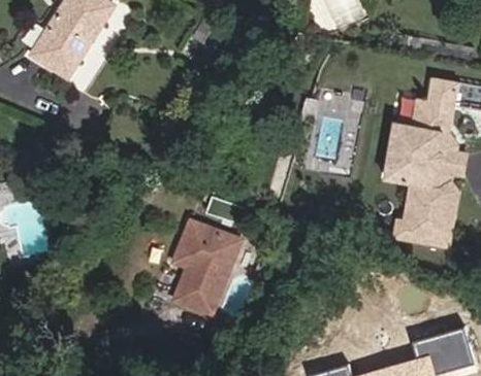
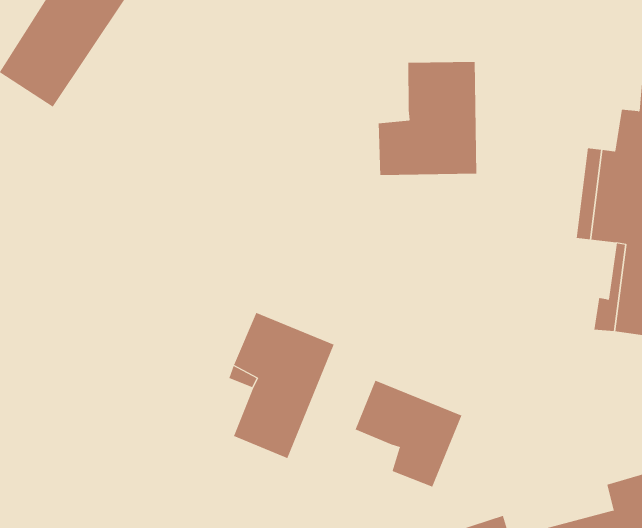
building: none -> [378,61,477,176]
building: none -> [355,380,462,487]

